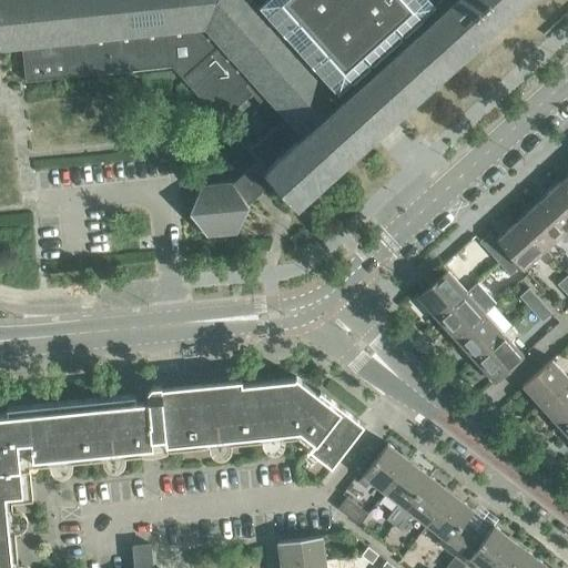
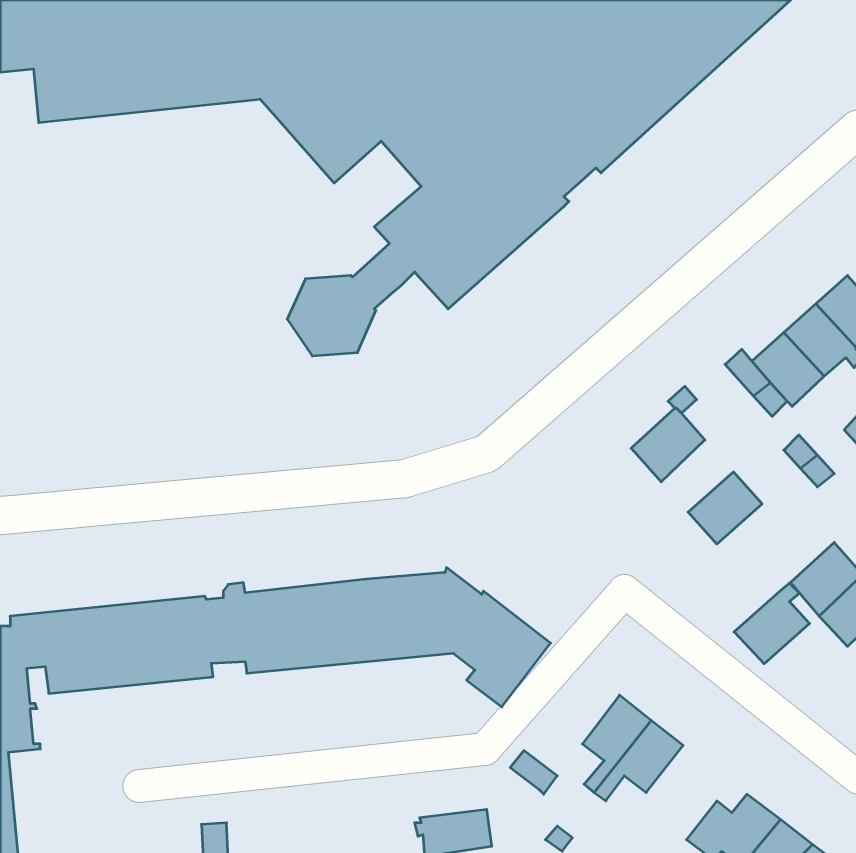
building: [438,285,496,342] -> none
building: [475,331,525,384] -> [734,583,810,664]
building: [359,446,410,495] -> none
building: [428,496,475,558] -> none

